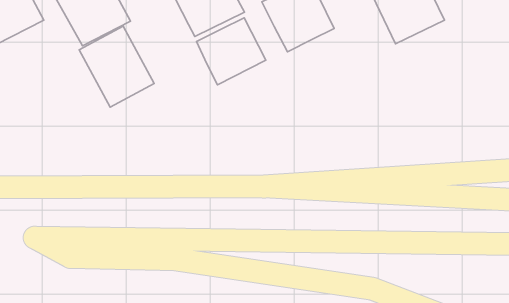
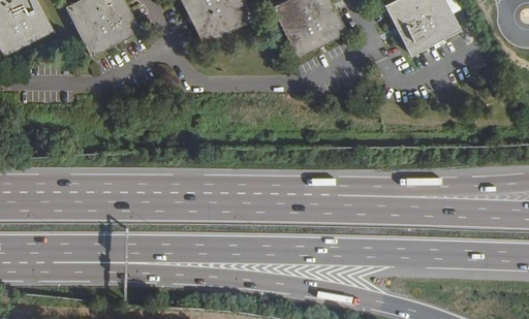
building: [196,18,266,85] -> none
building: [79,26,154,107] -> none

